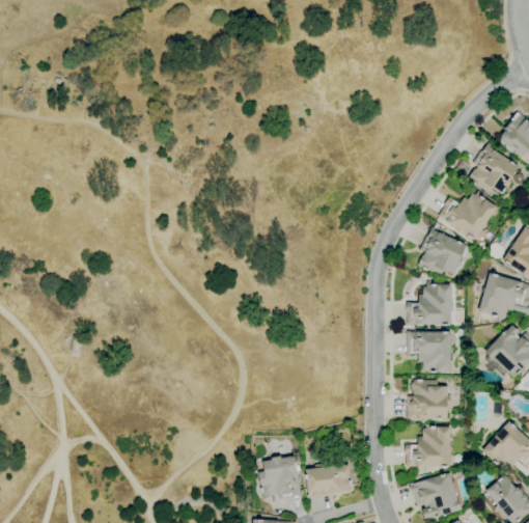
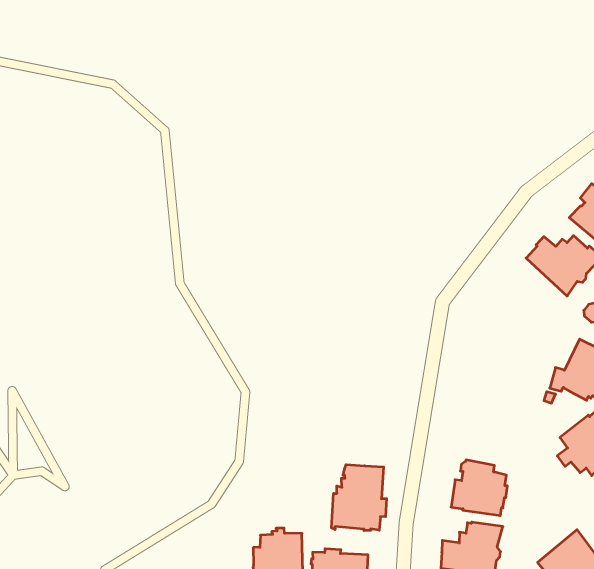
building: [419,227,471,278] -> none
building: [408,284,466,325] -> none
building: [409,331,454,373] -> none
building: none -> [332,465,387,531]

